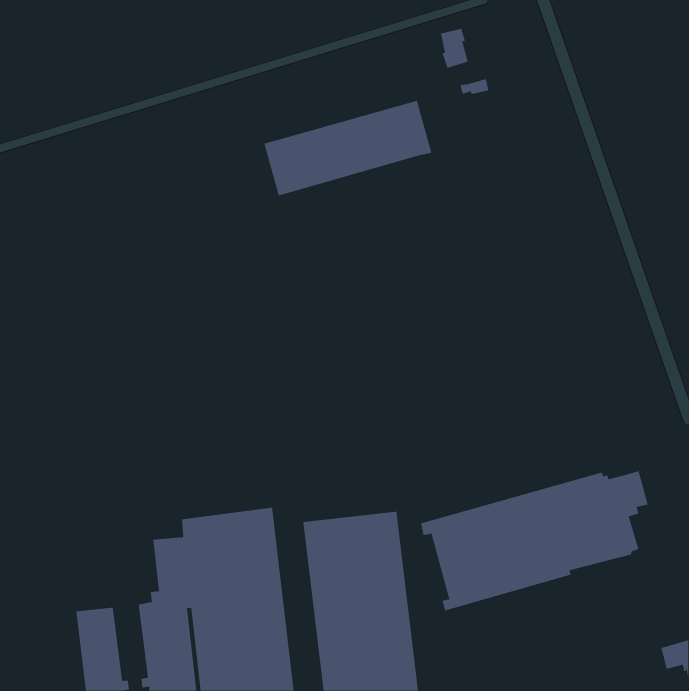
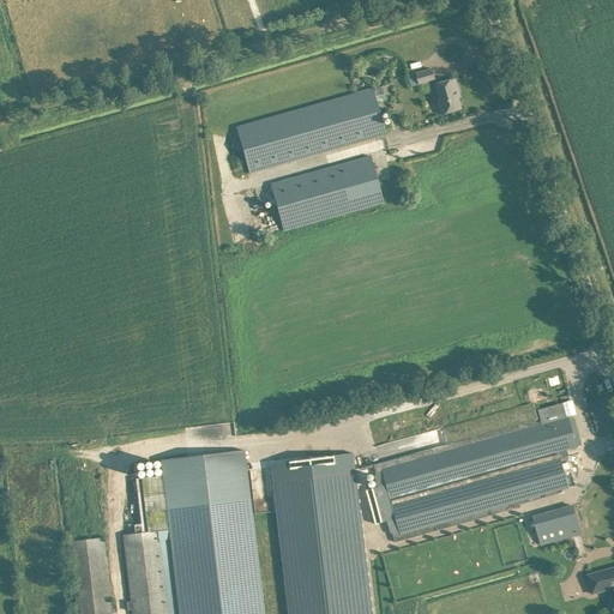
building: [440,28,468,69] -> [435,79,460,115]
building: none -> [269,156,381,230]
building: none -> [532,506,579,544]

